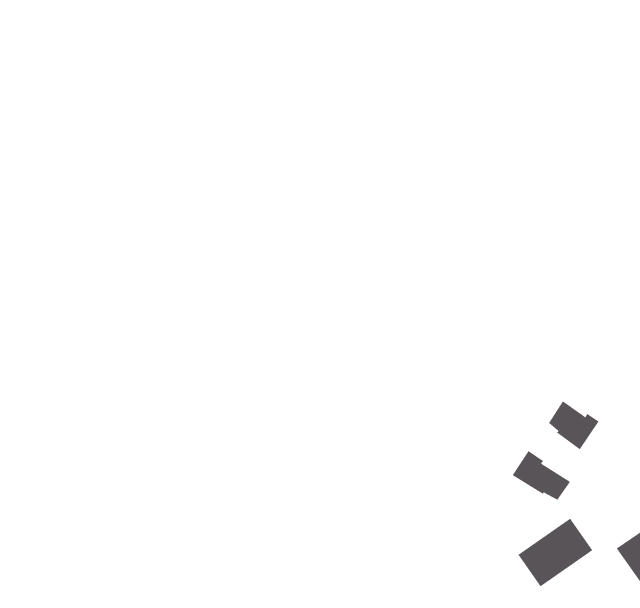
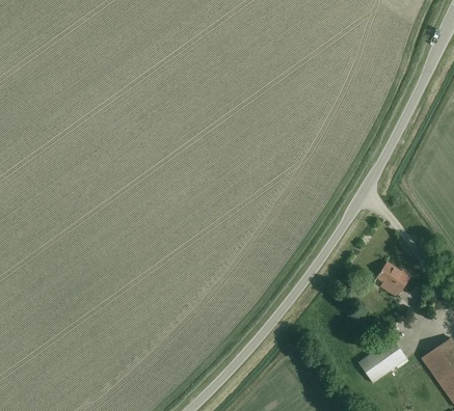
building: [512,450,571,501] -> none

